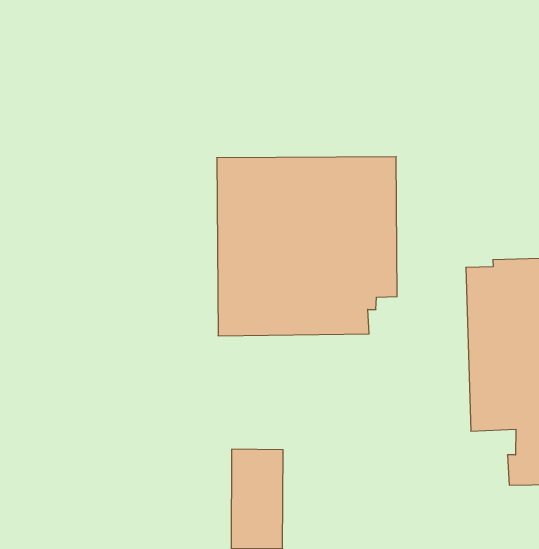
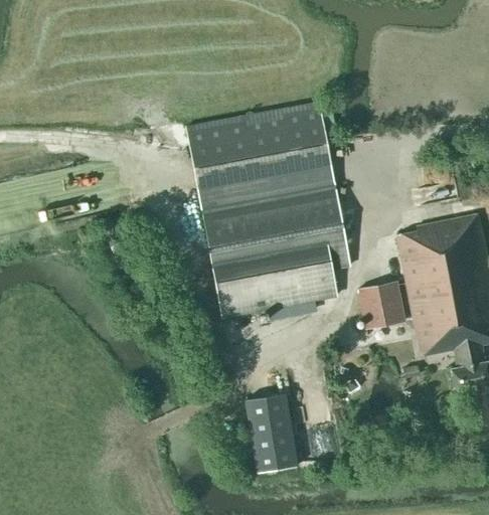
building: none -> [188,102,331,185]
building: none -> [357,283,402,329]

